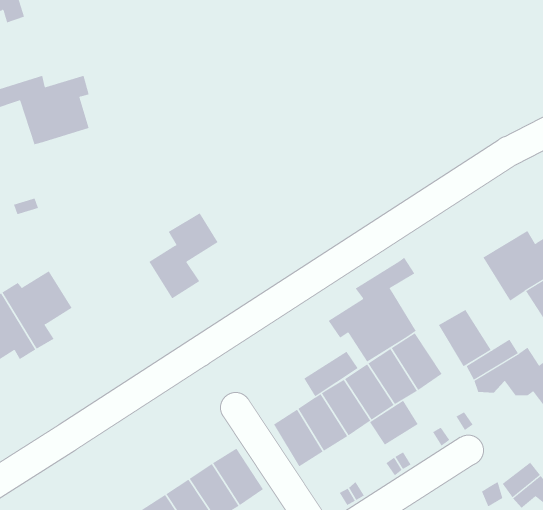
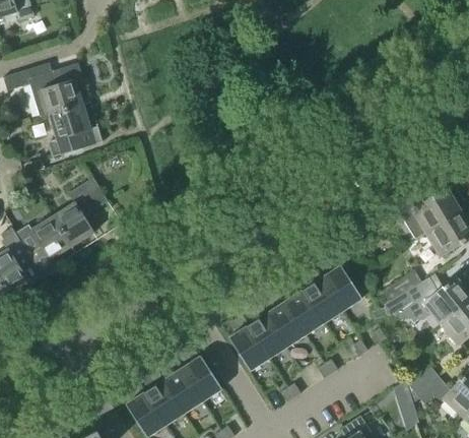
building: none -> [48,106,104,159]
building: [149,213,218,299] -> [53,179,108,247]
building: [328,257,416,363] -> none
building: [438,309,492,367] -> none
building: [304,351,359,397] -> none
building: [369,400,418,446] -> none

